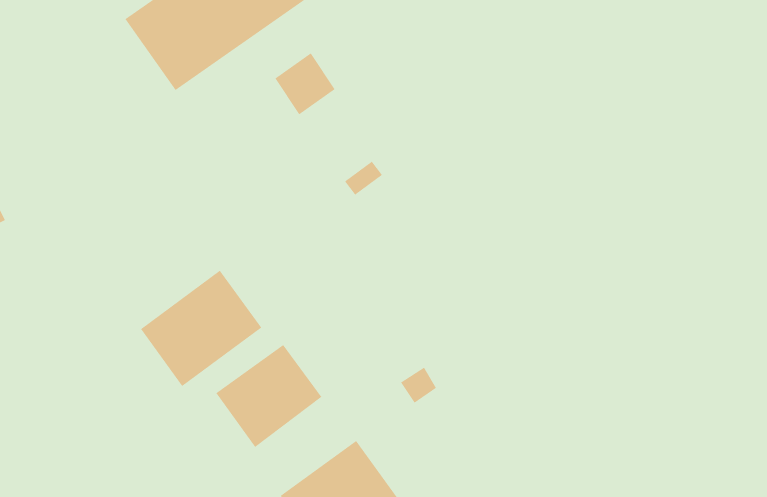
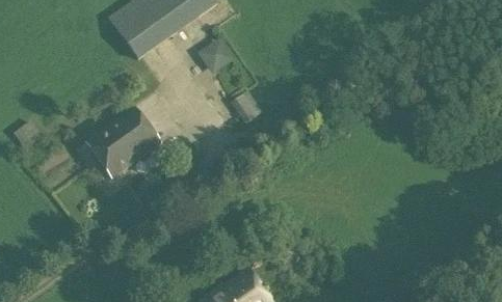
building: [140,270,262,387] -> [86,107,159,176]
building: [215,344,322,448] -> none

